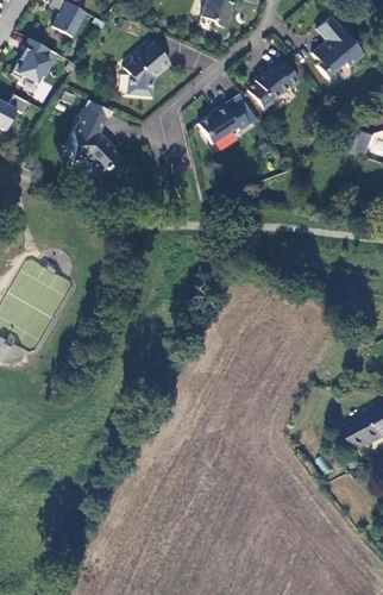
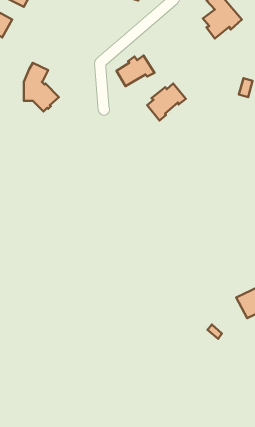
building: [123,43,169,95] -> none
building: [245,60,296,108] -> [147,84,186,121]

